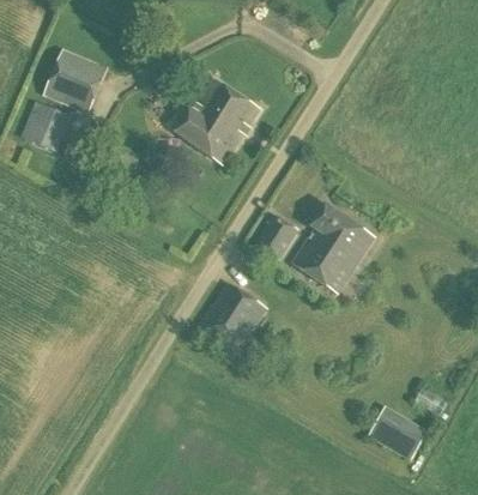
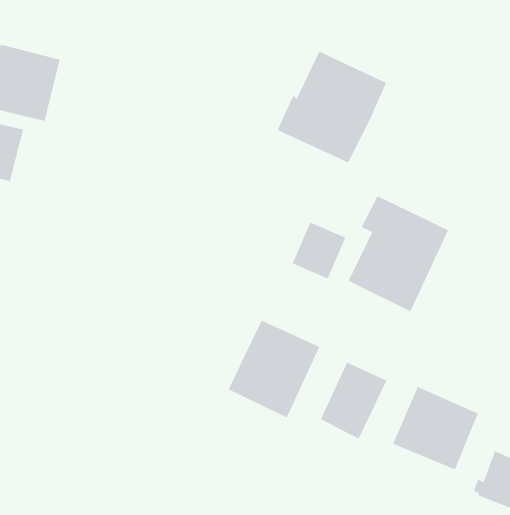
building: [175,79,261,165] -> [277,51,387,163]
building: none -> [320,362,387,440]
building: none -> [393,386,479,470]

